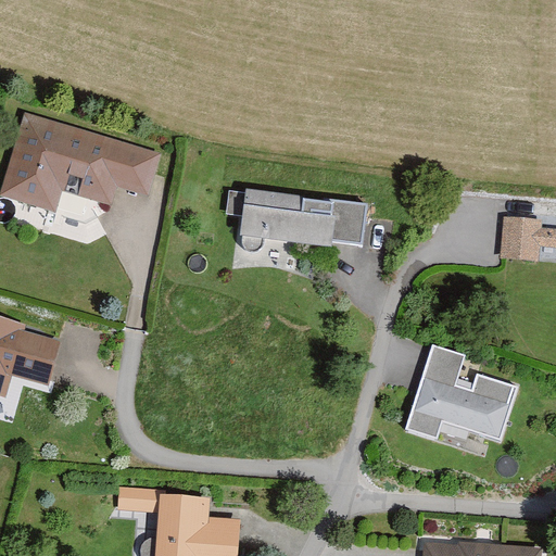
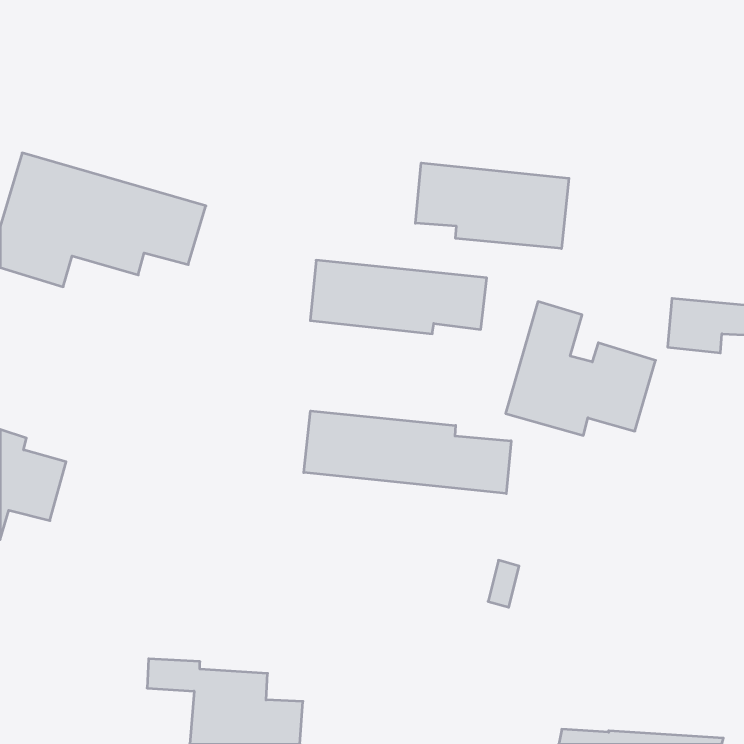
building: none -> [415,163,569,249]
building: none -> [304,411,511,494]
building: [416,341,527,440] -> [506,302,656,435]

